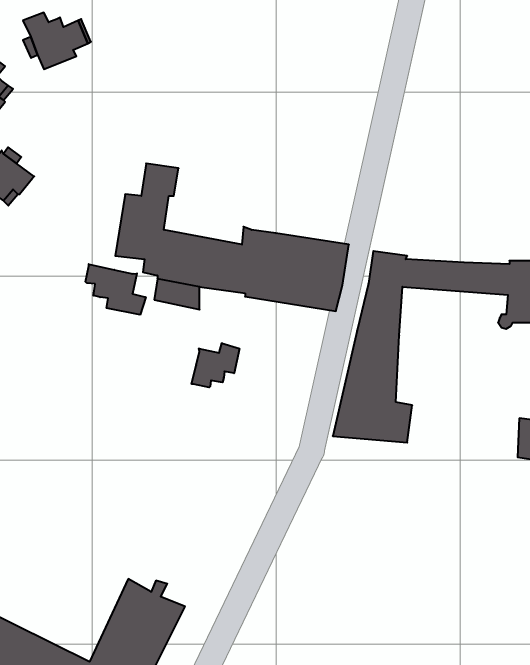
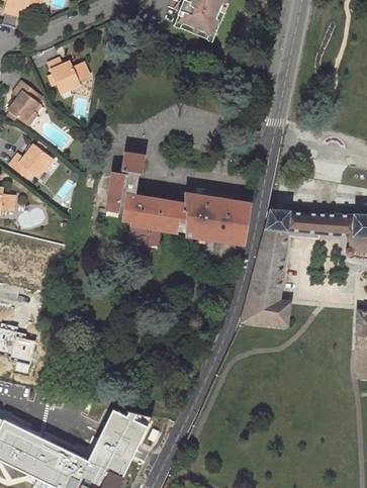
building: [86,264,146,315] -> none
building: [192,343,239,387] -> none

